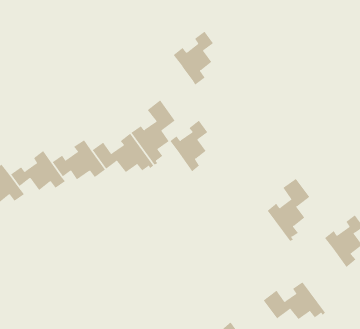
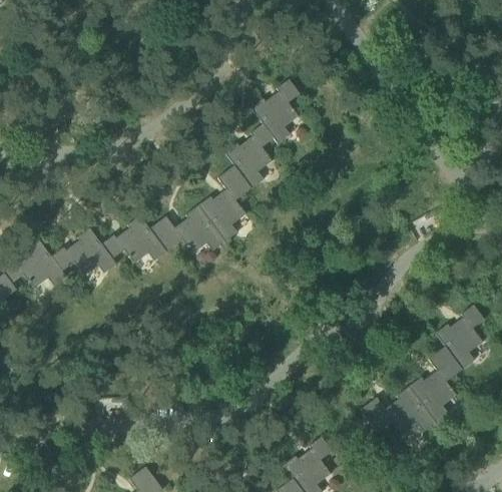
building: [170,120,208,172] -> [225,125,273,189]
building: [267,178,310,242] -> [409,347,462,425]

